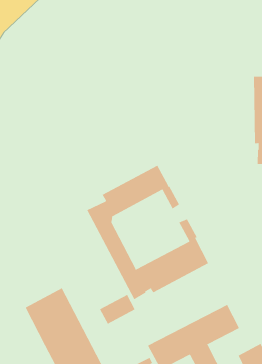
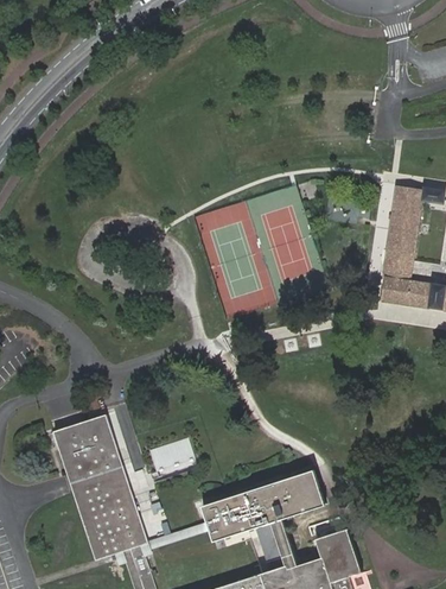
building: [87,165,209,300] -> none

